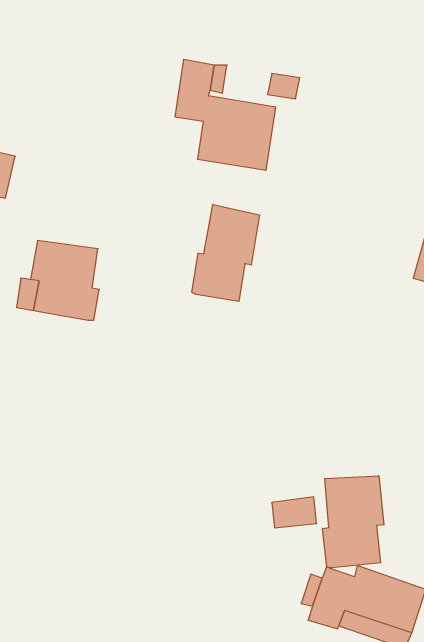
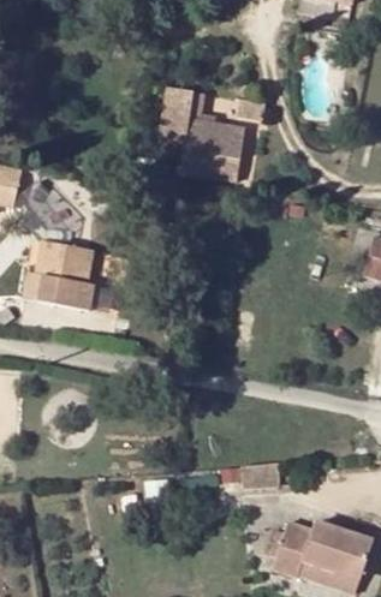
building: [192,204,259,301] -> none
building: [323,476,384,568] -> none

